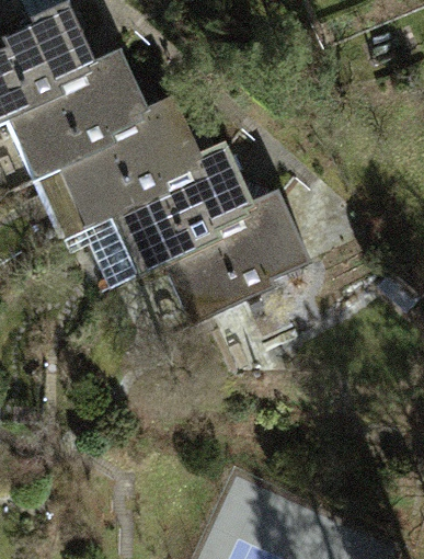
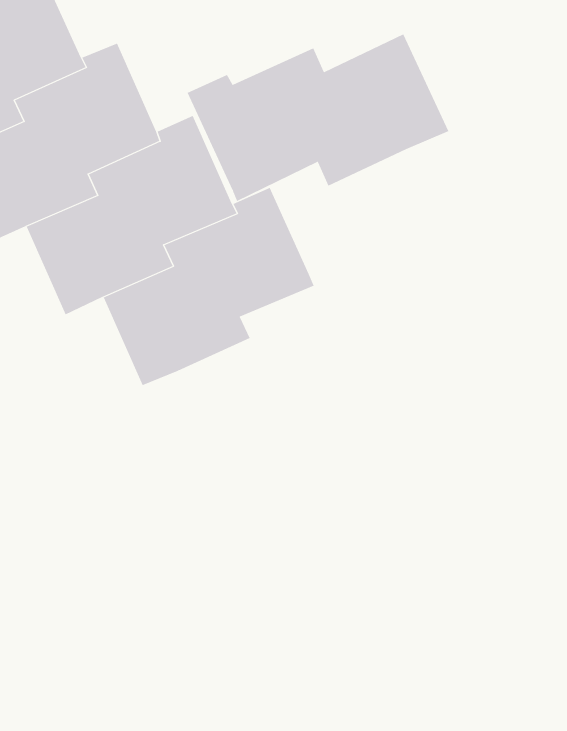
building: none -> [187,33,449,202]
building: [161,193,305,327] -> none

